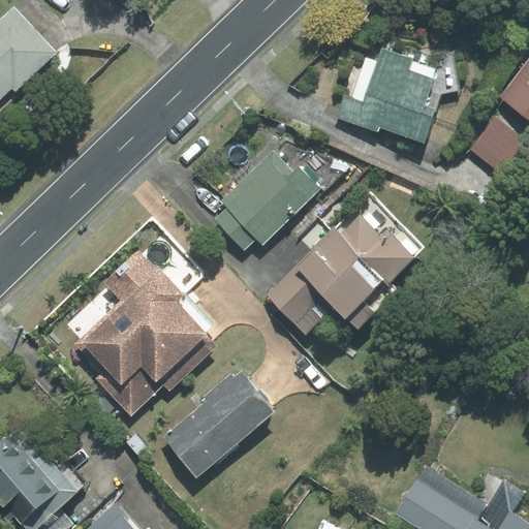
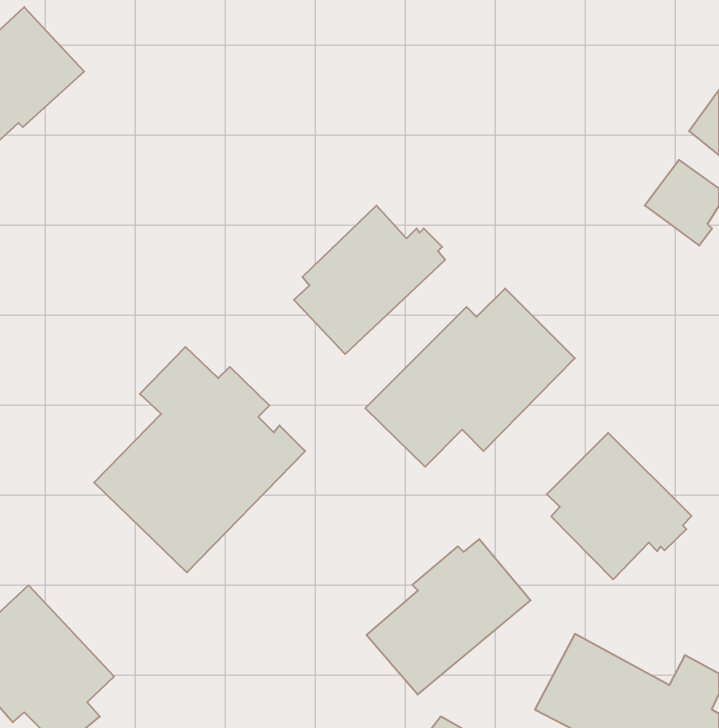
building: [334,49,439,144] -> none
building: none -> [547,433,692,579]
building: [163,367,282,479] -> [367,539,531,695]

